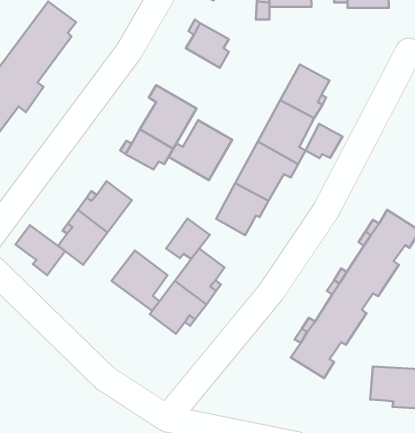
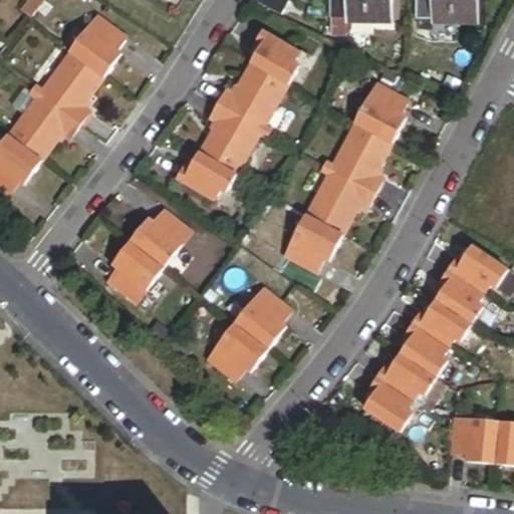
building: [168,120,232,180] -> [215,63,286,131]
building: [305,124,342,158] -> none
building: [166,218,210,259] -> none
building: [16,225,65,275] -> none
building: [112,250,168,311] -> none

